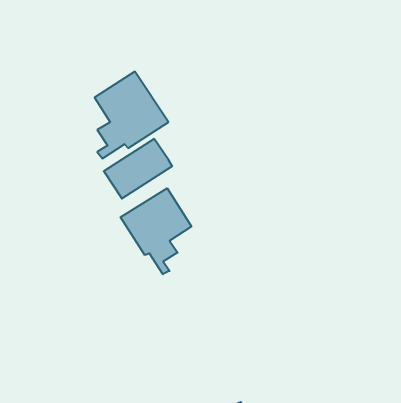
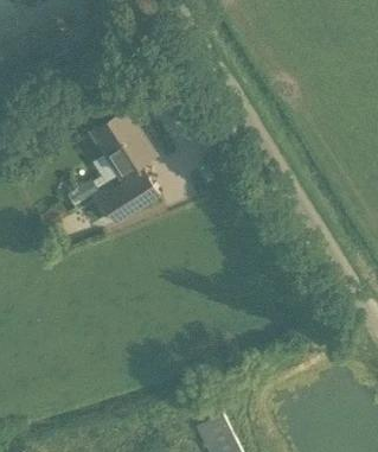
building: [121,188,191,274] -> none

